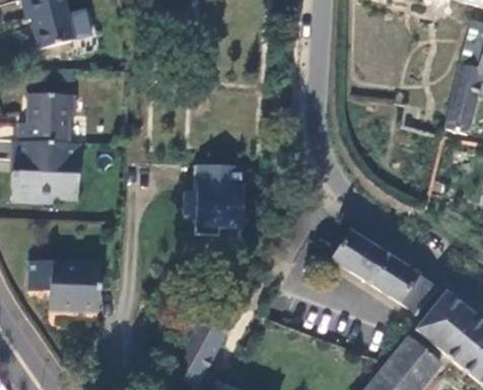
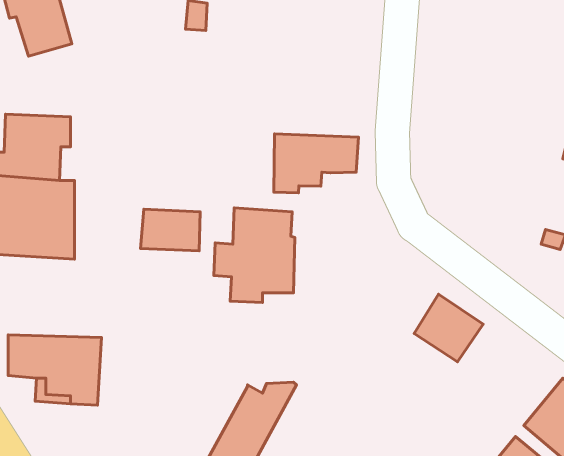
building: none -> [274,134,359,193]
building: none -> [141,209,200,251]
building: [366,251,439,312] -> none

